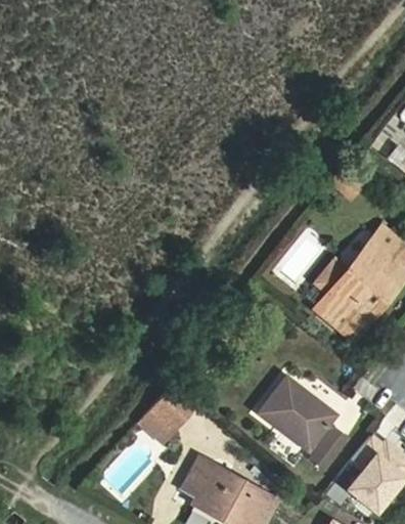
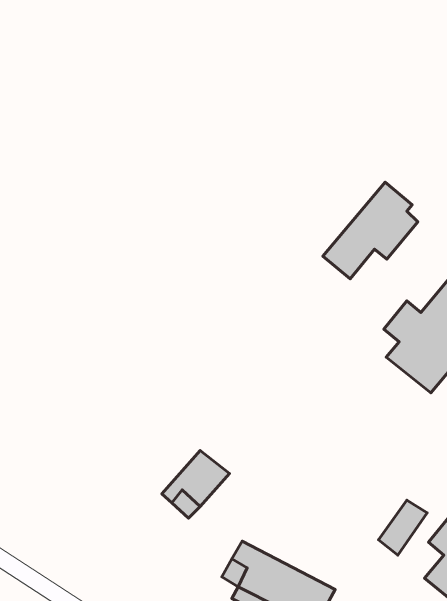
building: none -> [323,182,418,279]
building: [256,377,335,450] -> none

